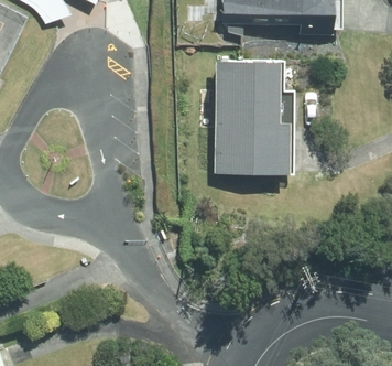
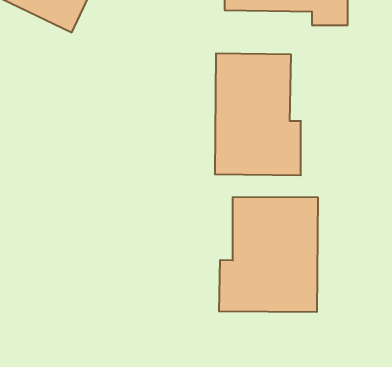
building: none -> [219,197,318,312]

